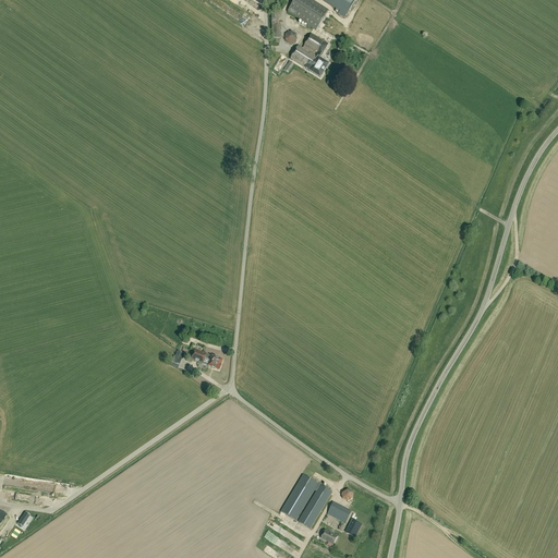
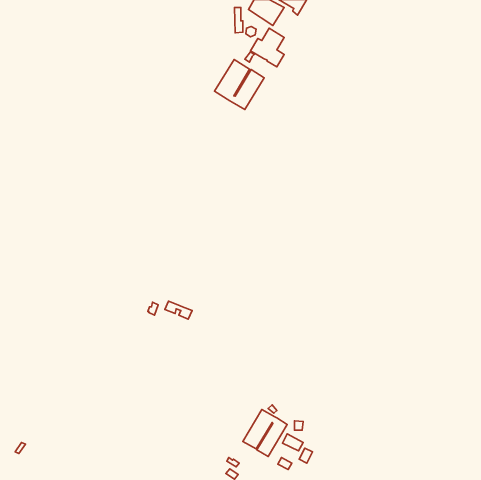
building: none -> [215,59,264,110]

